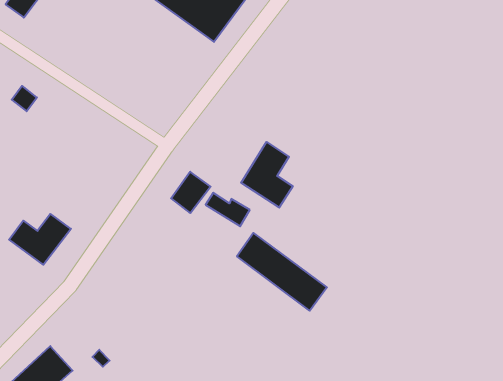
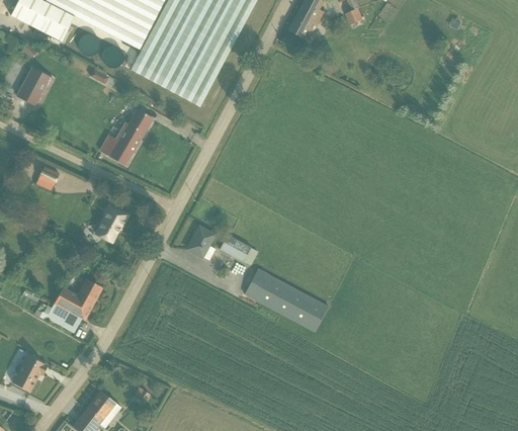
building: none -> [98,107,151,165]
building: none -> [91,202,128,243]
building: [241,142,293,208] -> none

